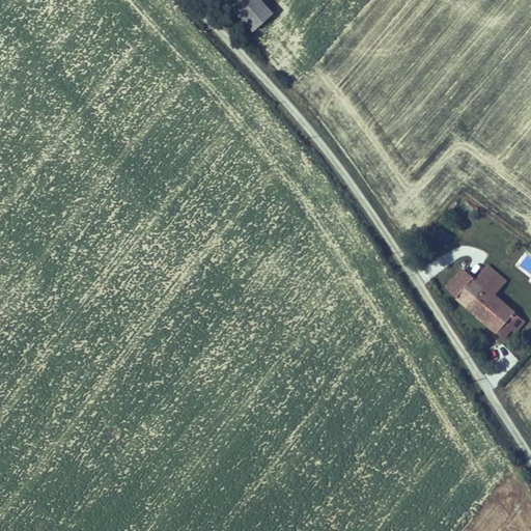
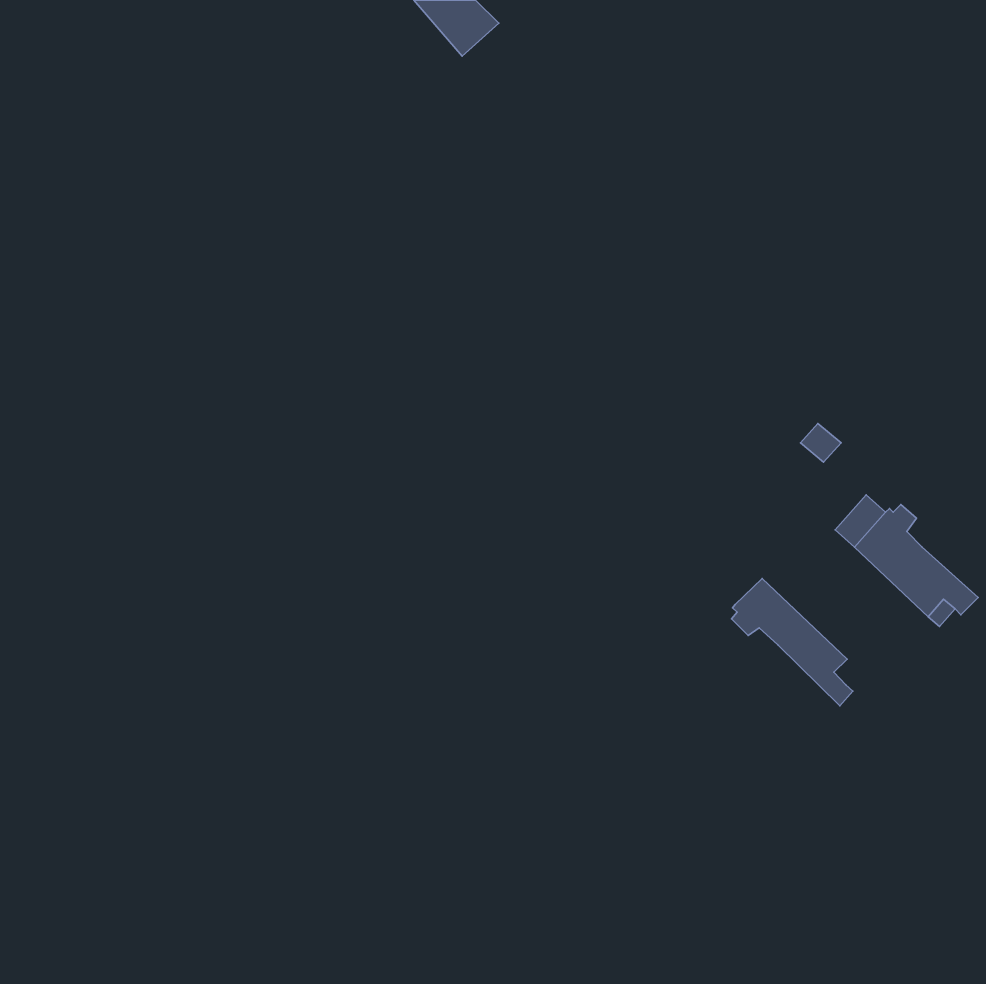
building: [483,263,509,296] -> none
building: none -> [731,579,853,706]

